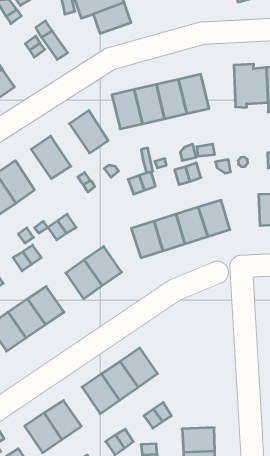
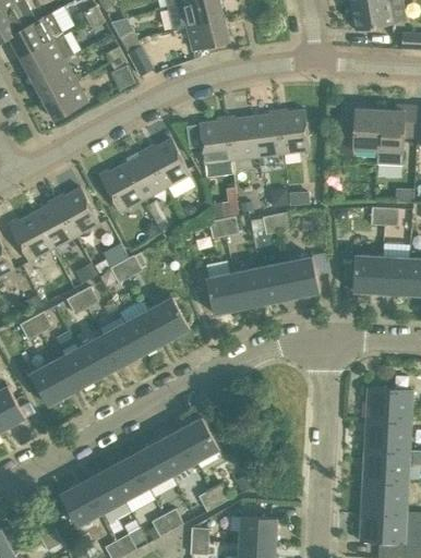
building: none -> [124,151,167,201]
building: none -> [101,323,143,367]
building: none -> [108,456,148,500]

